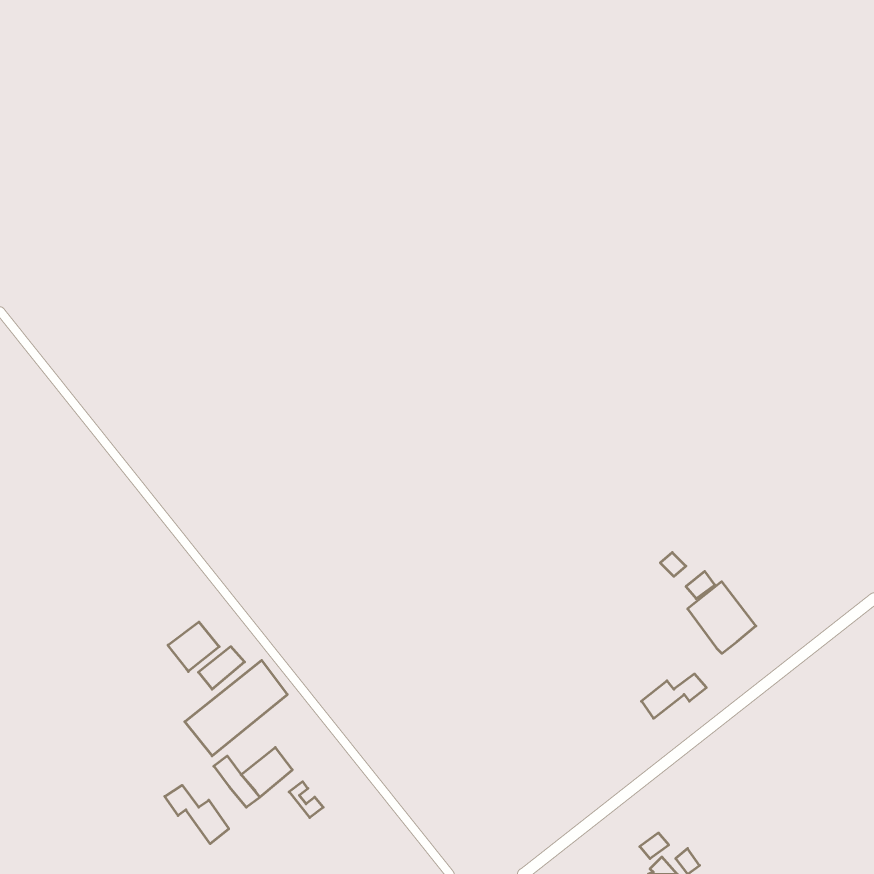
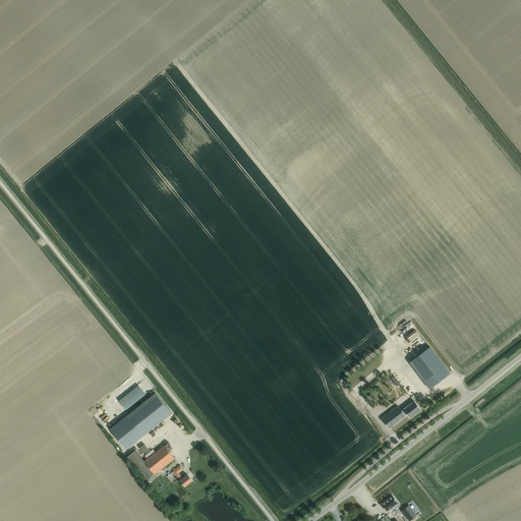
building: [168,622,219,672] -> none
building: [165,785,229,844] -> none

